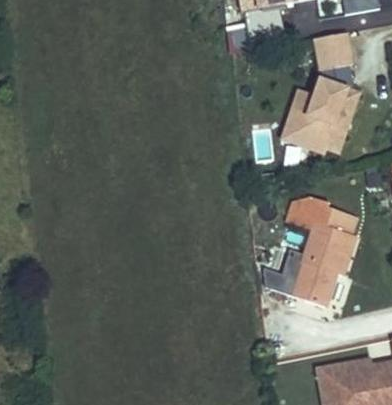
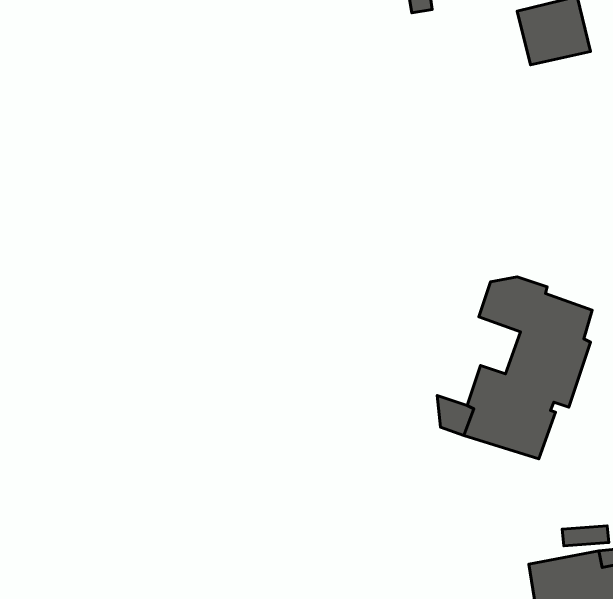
building: [279,74,362,158] -> none

